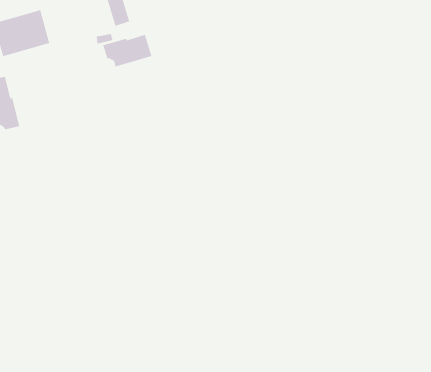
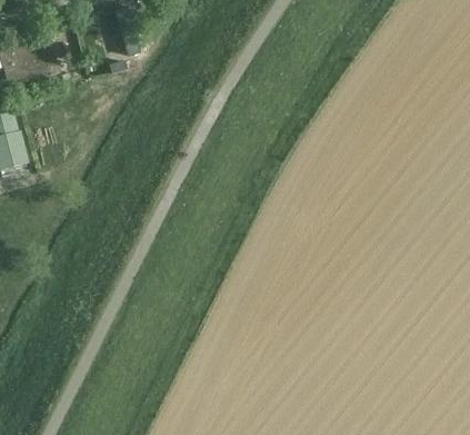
building: [102,34,152,67] -> none

